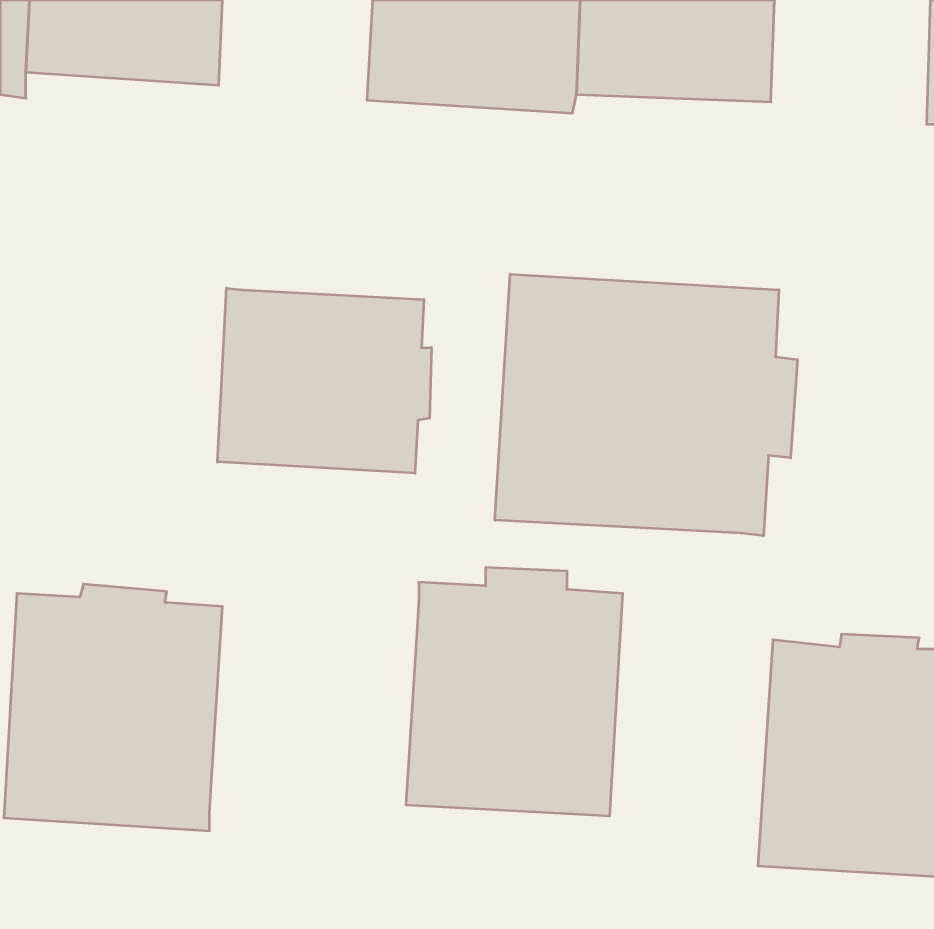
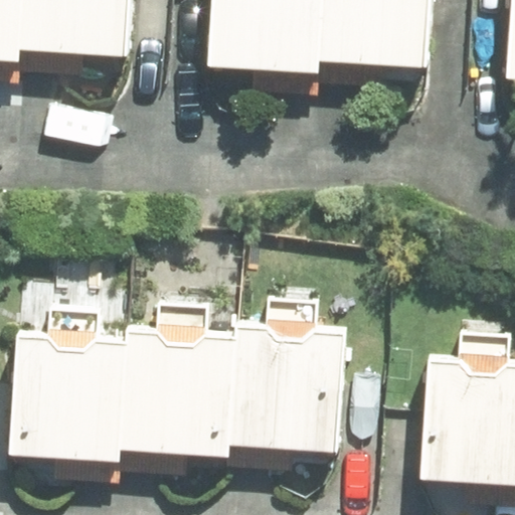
building: [495,274,798,536] -> none
building: [217,288,431,473] -> none
building: none -> [121,325,234,457]

